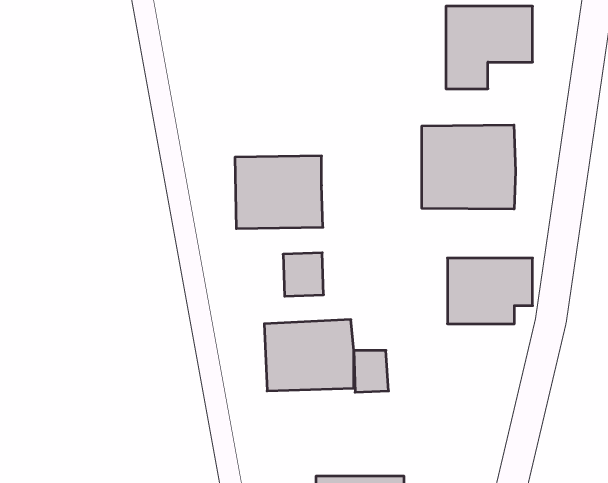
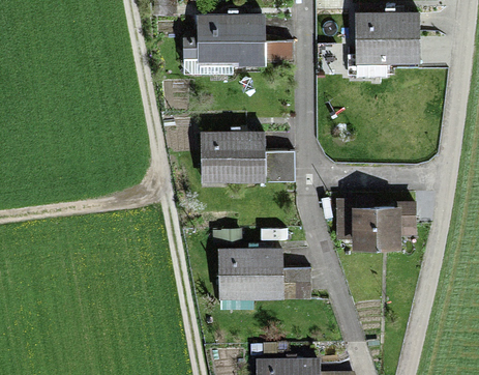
building: none -> [199,16,264,62]
building: [422,125,516,209] -> none
building: [283,253,324,296] -> [260,145,290,177]

